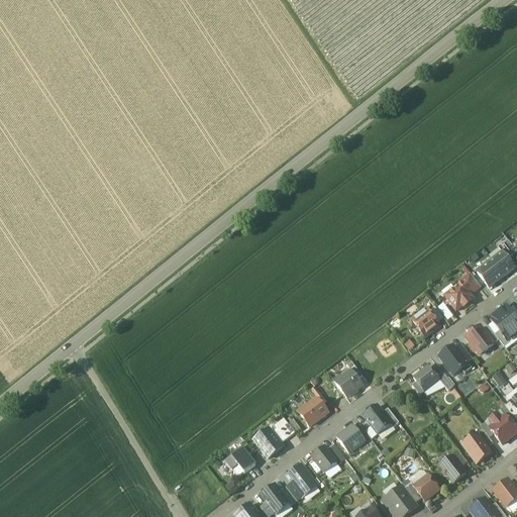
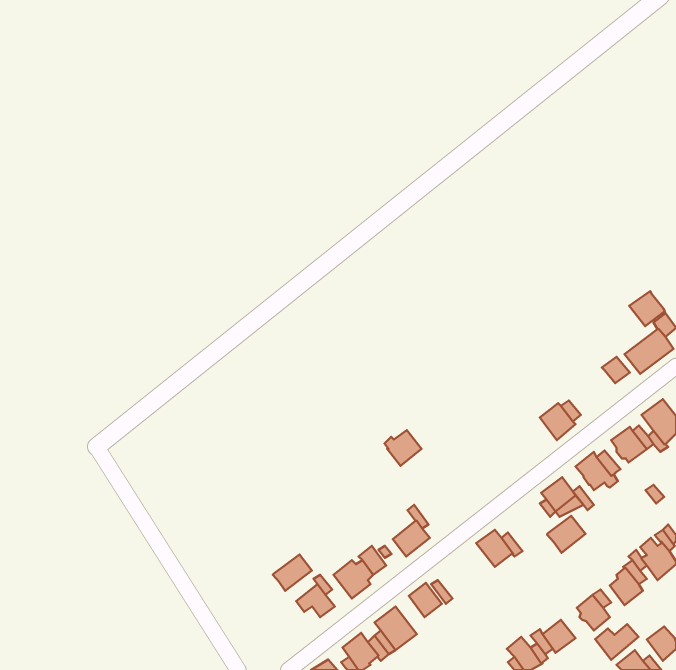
building: none -> [629,291,665,326]
building: [445,283,473,309] -> none
building: [334,370,363,397] -> [384,430,422,466]
building: none -> [547,516,586,553]
building: none -> [273,555,312,591]
building: [337,424,365,452] -> none
building: none -> [595,624,639,660]

